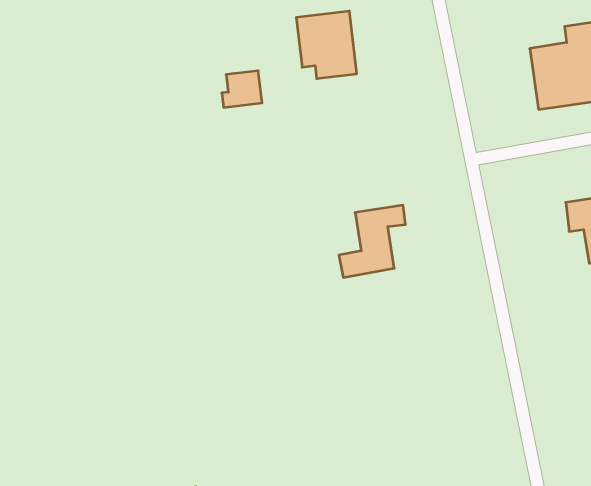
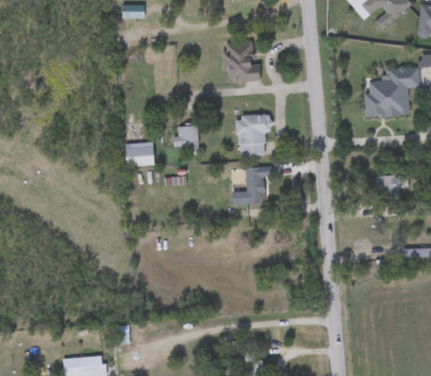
building: [222,71,262,107] -> [174,125,198,145]
building: none -> [238,115,265,155]
building: none -> [126,142,155,165]

